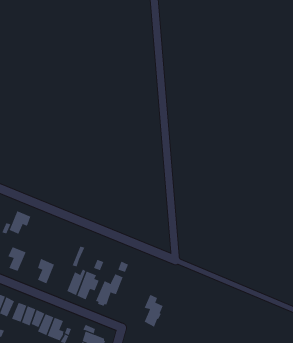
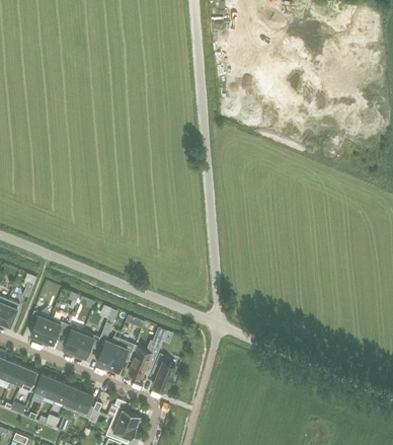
building: [9,210,31,235] -> [42,318,67,346]
building: none -> [74,332,100,359]
building: [144,294,163,327] -> [153,355,175,392]

